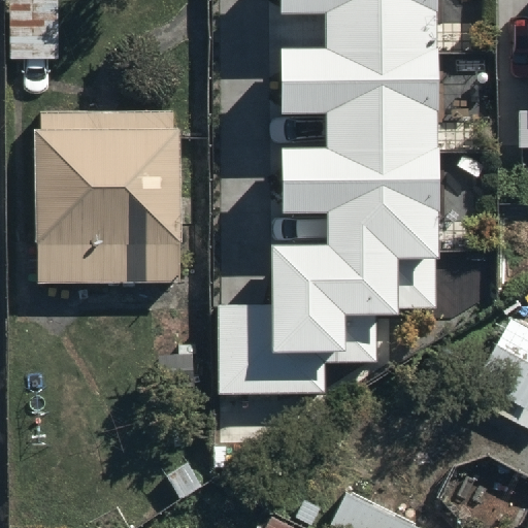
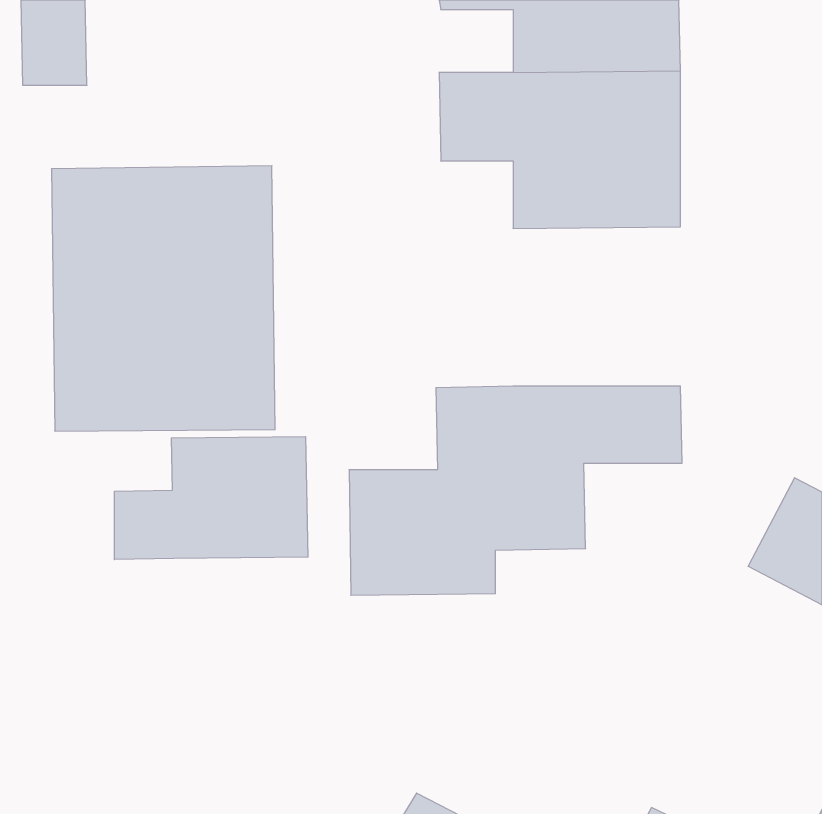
building: [282,151,436,253] -> none
building: none -> [114,437,308,560]

